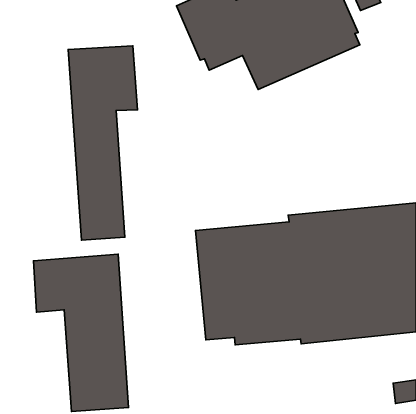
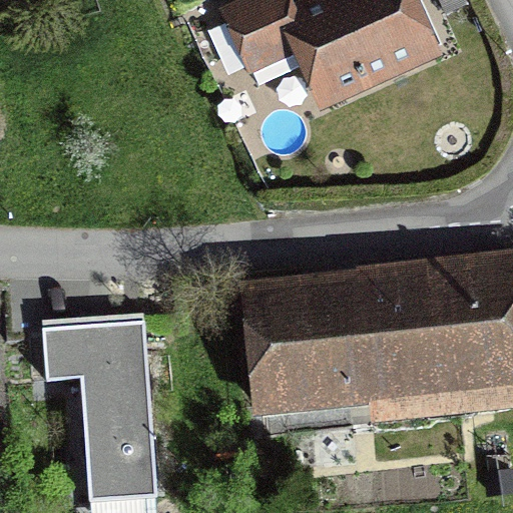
building: [68,46,137,240] -> none

